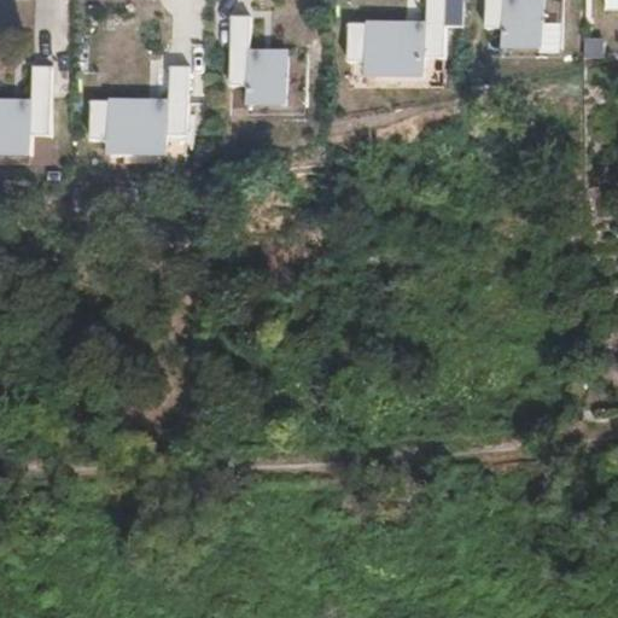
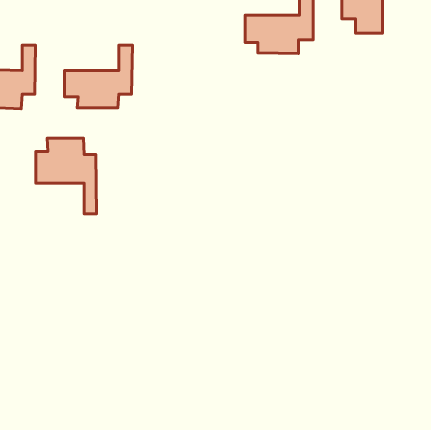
building: [229,13,288,104] -> none
building: none -> [36,138,96,214]

